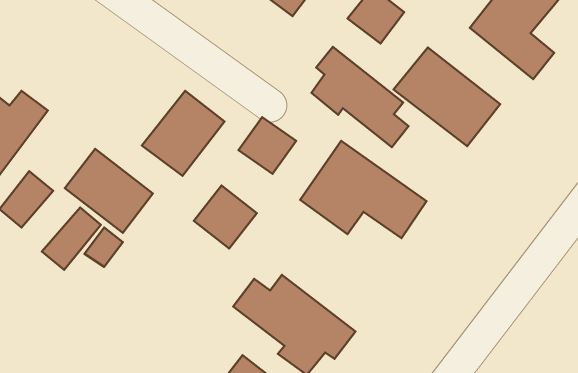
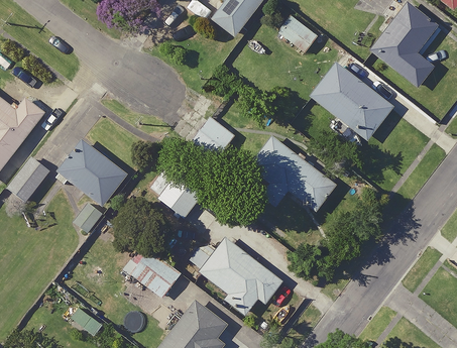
building: [312,47,409,147] -> none
building: [142,91,225,176] -> none
building: [42,207,101,270] -> none
building: none -> [131,249,182,298]

